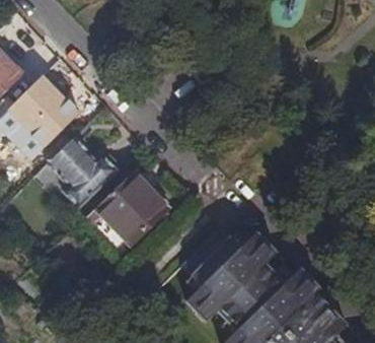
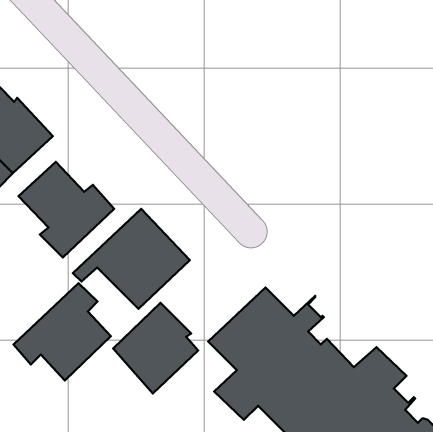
building: none -> [14,283,111,380]
building: none -> [113,303,198,393]

